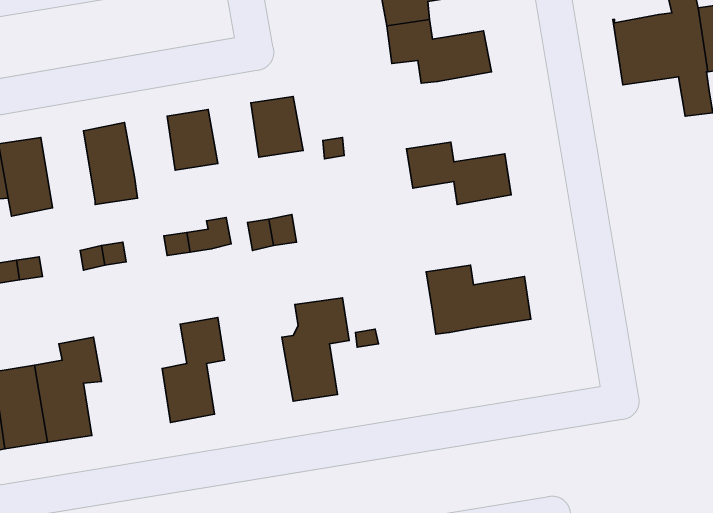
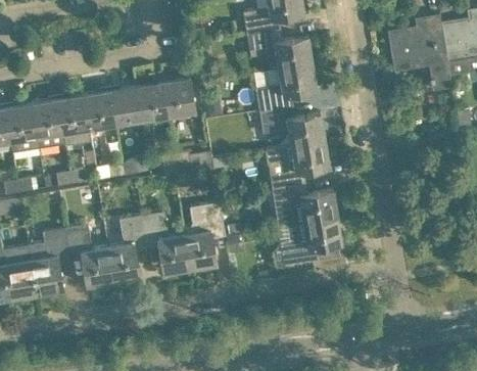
building: none -> [256,63,317,111]
building: none -> [136,83,168,121]
building: none -> [84,91,115,129]
building: none -> [32,100,65,148]
building: none -> [269,140,329,188]
building: none -> [142,214,189,273]
building: none -> [274,218,342,268]
building: none -> [64,225,112,286]

